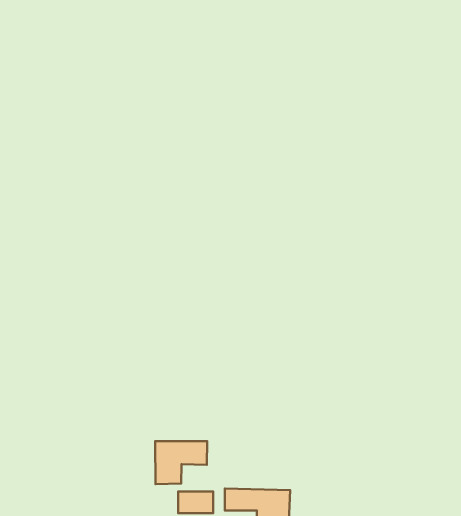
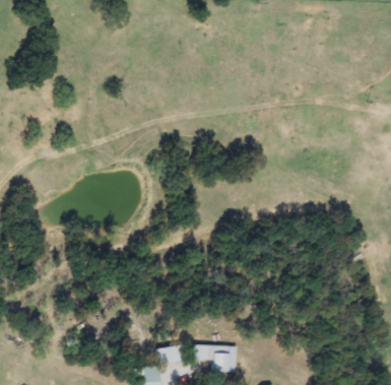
building: [155,441,207,484] -> none

